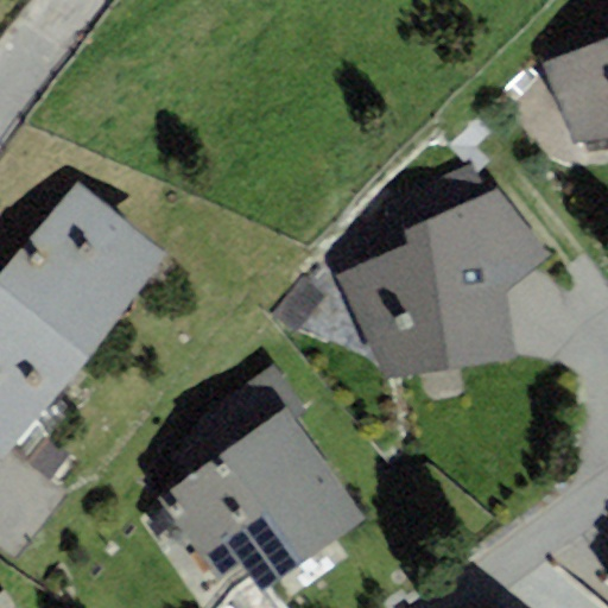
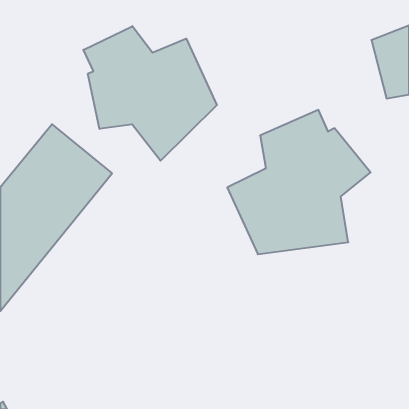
building: none -> [83,26,217,161]
building: [160,365,366,591] -> none

